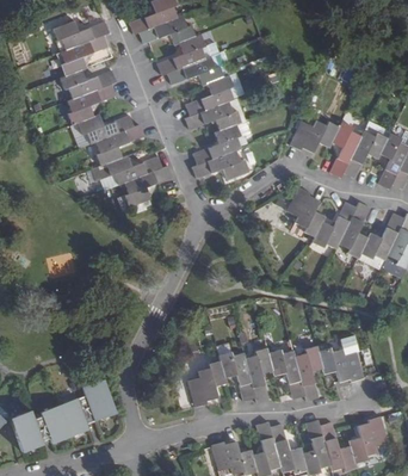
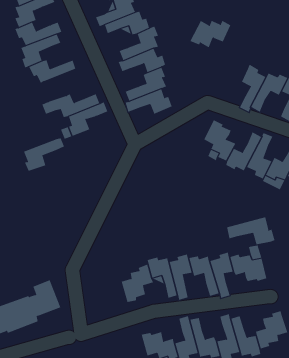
building: [289,119,339,153] -> [189,20,231,48]
building: [94,124,144,165] -> [23,138,65,172]
building: none -> [227,217,275,245]

